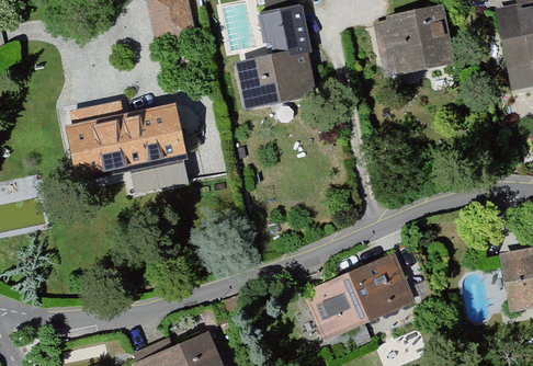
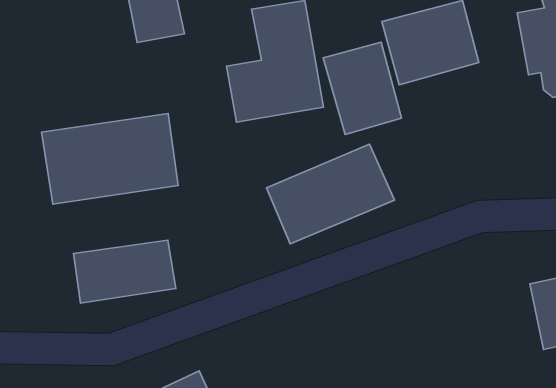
building: none -> [323,42,401,134]
building: none -> [73,240,176,303]
building: [303,252,416,340] -> [267,144,394,244]

